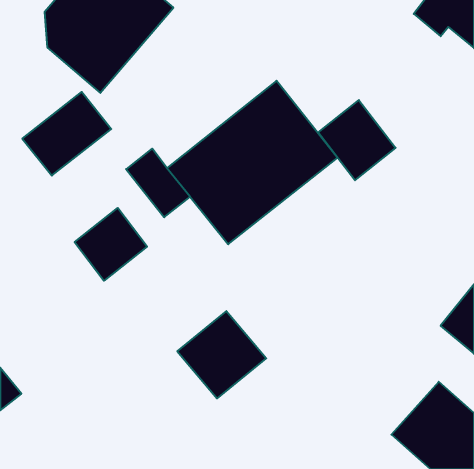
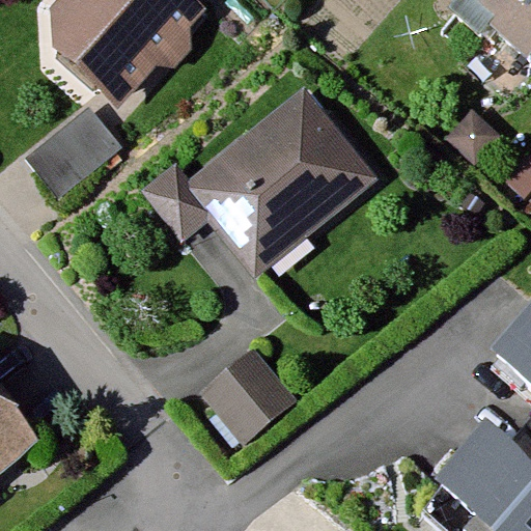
building: [318,100,396,180] -> none
building: [75,208,147,281] -> none

